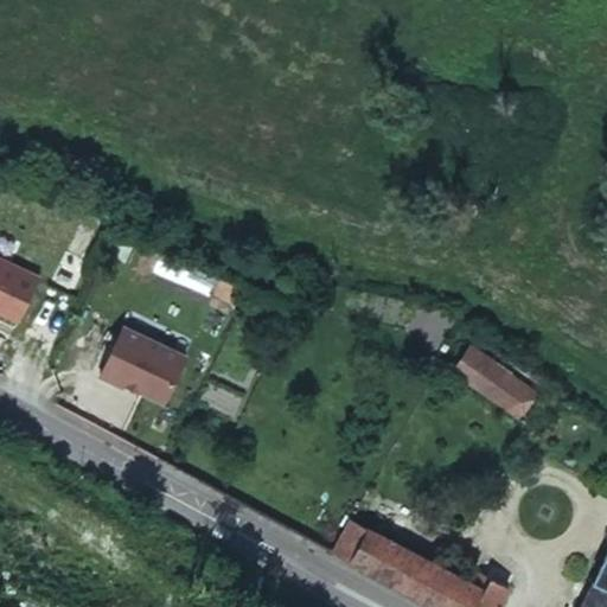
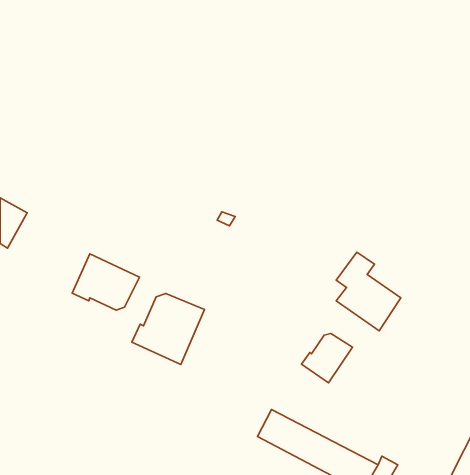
building: none -> [132,293,205,364]
building: none -> [302,334,352,383]

